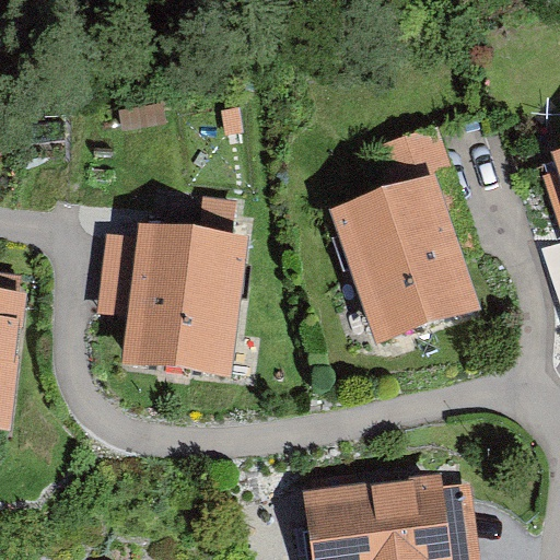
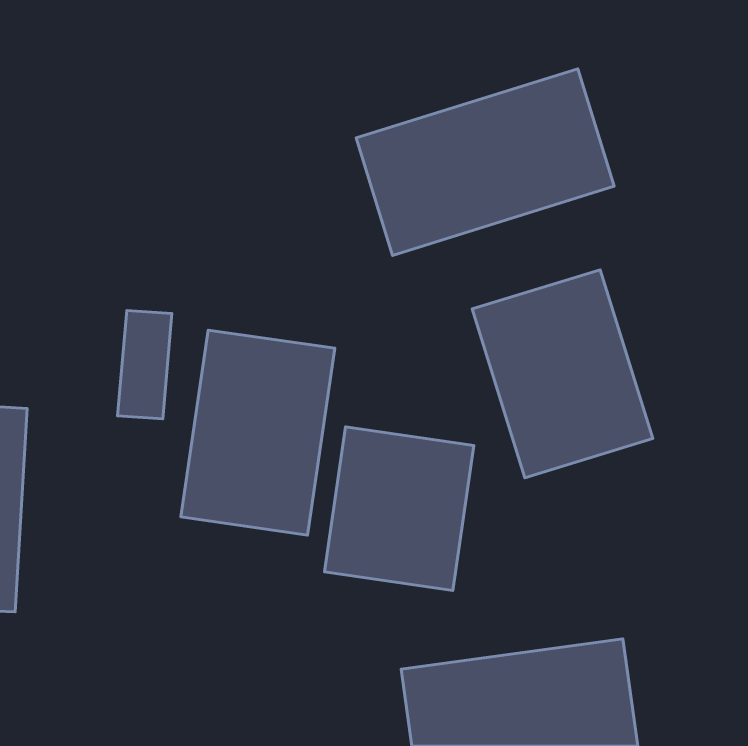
building: none -> [356,69,614,255]
building: none -> [324,427,474,591]

